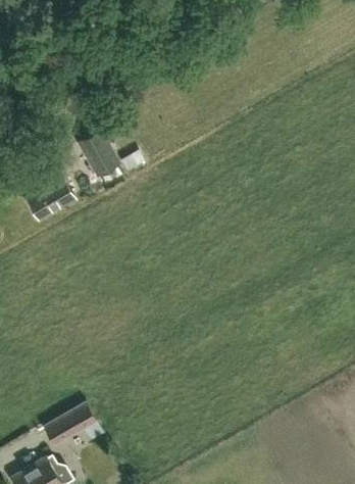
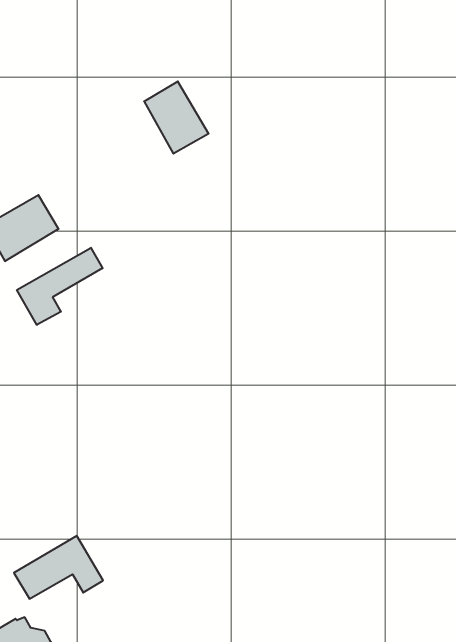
building: [78,128,120,176] -> [144,81,209,154]
building: none -> [17,248,103,325]

